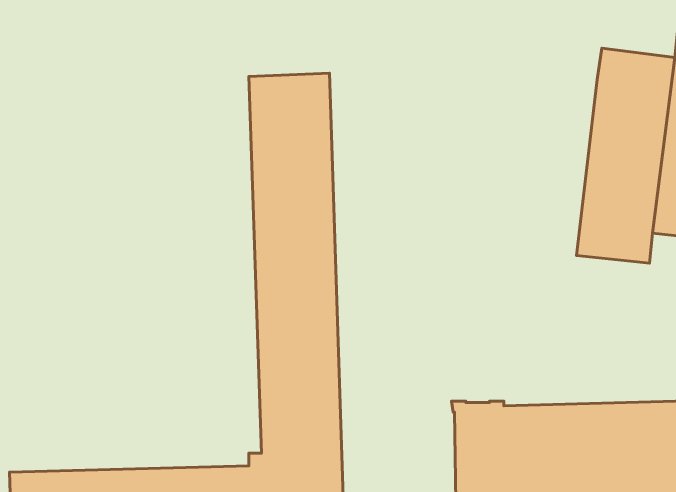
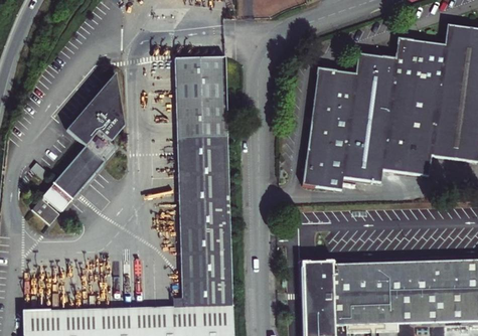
building: none -> [303,52,395,189]
building: none -> [36,73,128,224]

